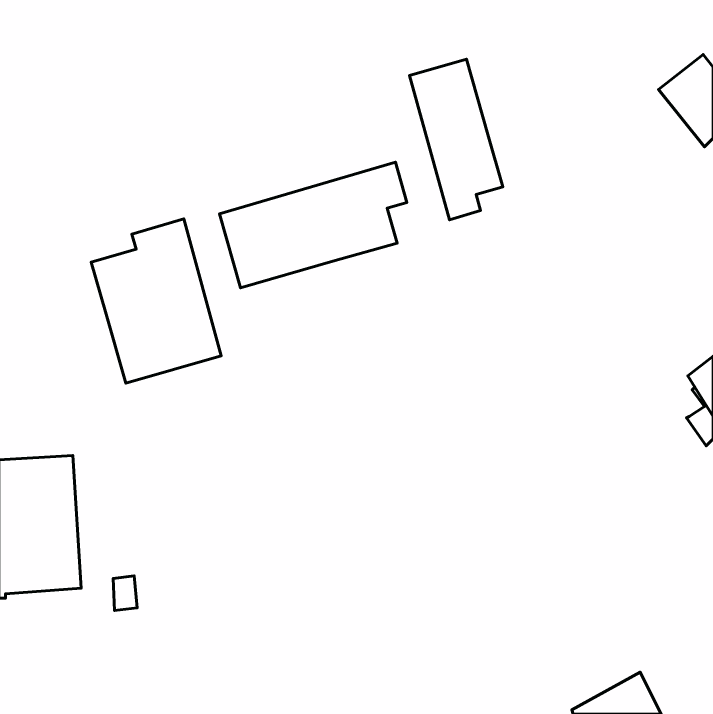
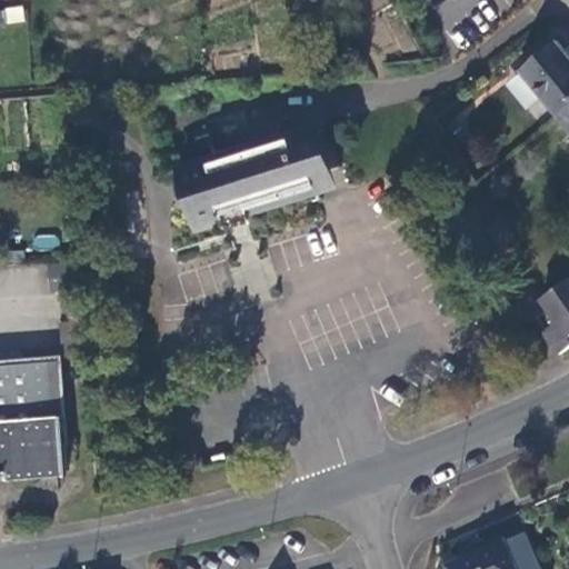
building: [409,59,503,220] -> none
building: [91,219,221,383] -> none

